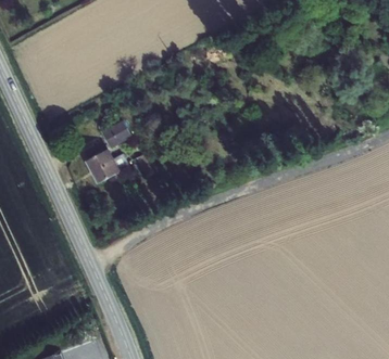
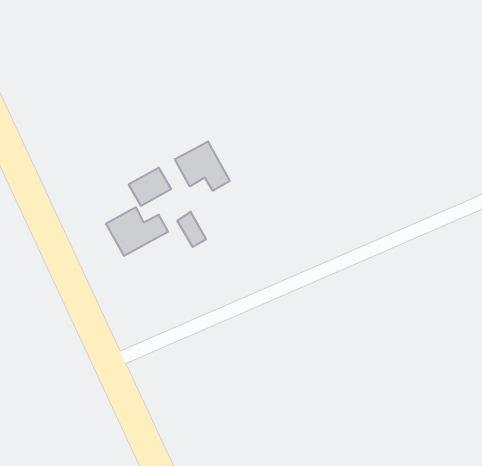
building: none -> [175,141,230,191]

